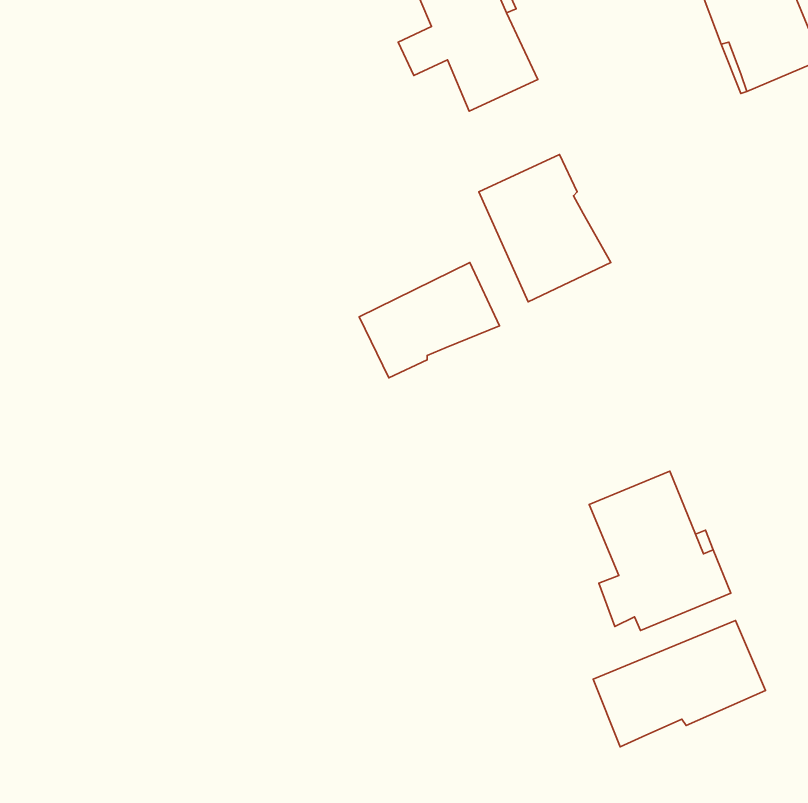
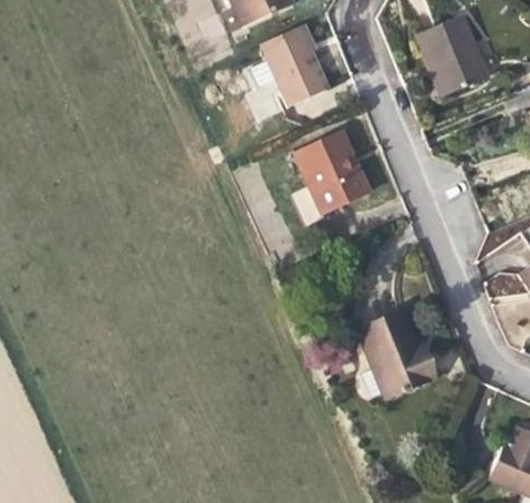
building: [359,262,500,378] -> none
building: [593,621,766,747] -> none

